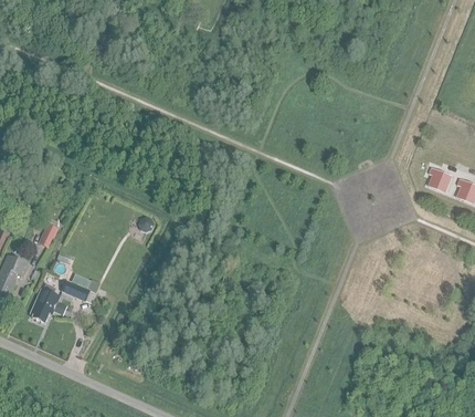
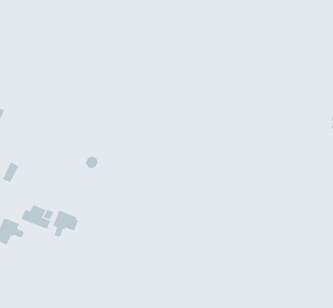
building: none -> [52,210,79,237]

